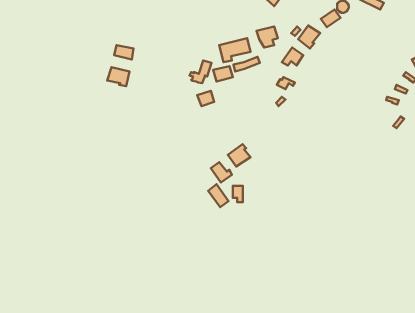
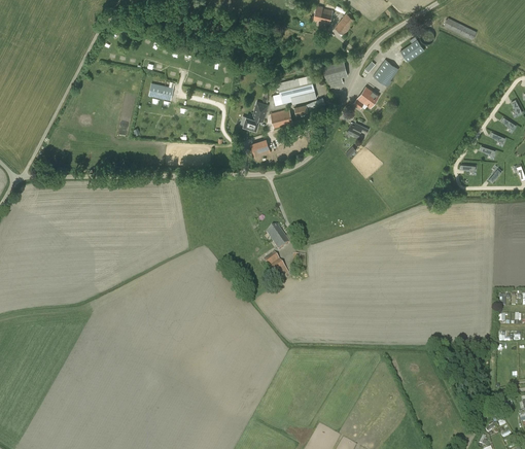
building: [107,67,129,86] -> none
building: [228,144,250,166] -> none

